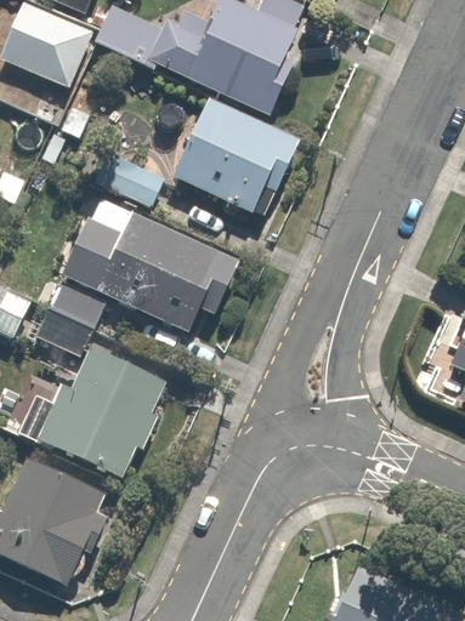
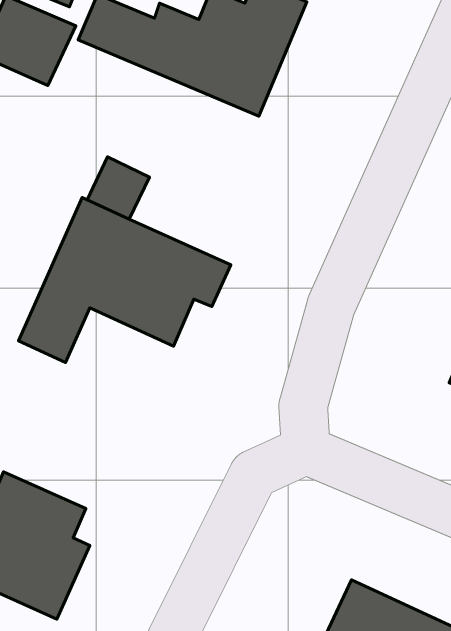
building: [171,99,300,217] -> none
building: [33,348,174,483] -> none

